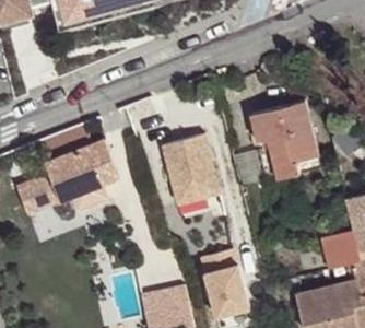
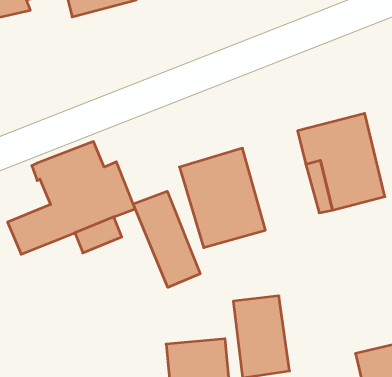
building: none -> [133,191,200,287]

